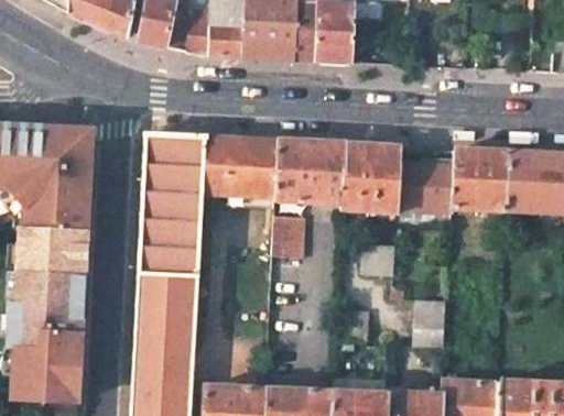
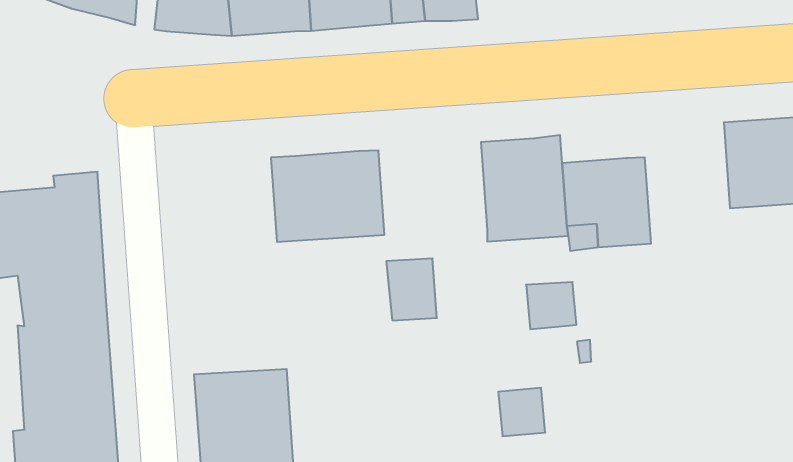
building: [135,133,205,277] -> none
building: [273,141,345,202] -> none
building: [449,150,507,209] -> none
building: [414,299,445,346] -> none

